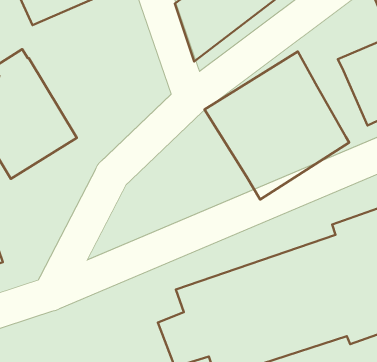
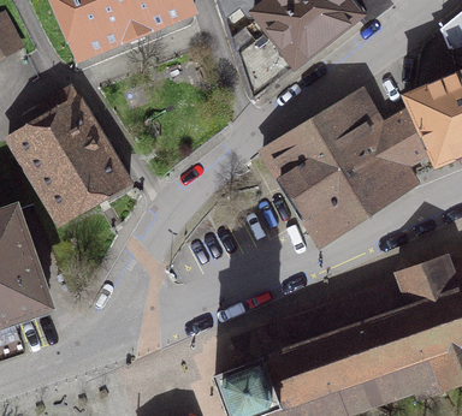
building: none -> [383,108,436,176]

